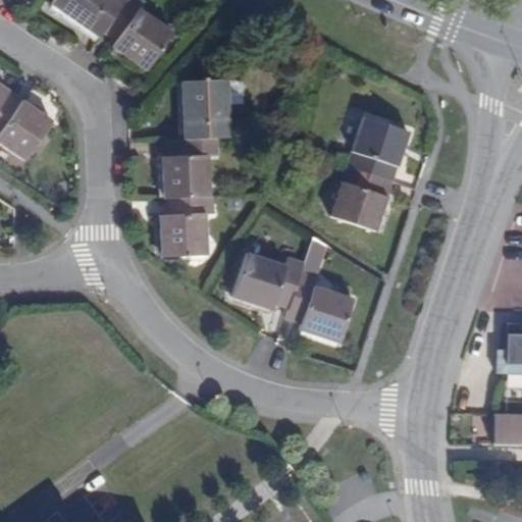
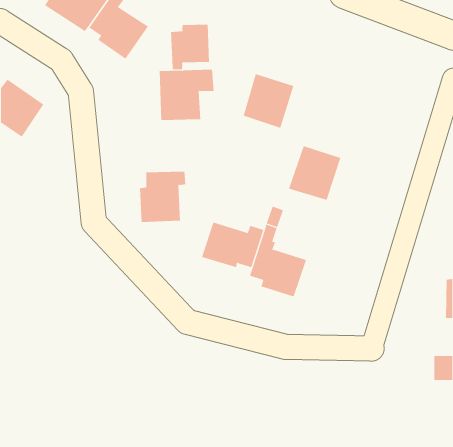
building: none -> [170,24,210,70]
building: [349,118,408,181] -> [243,73,294,128]
building: [162,138,215,198] -> none

